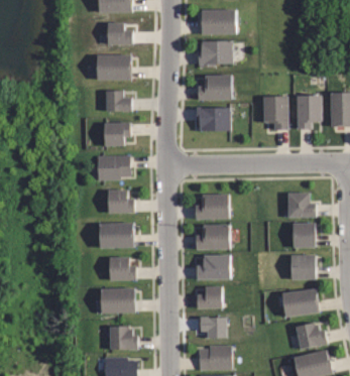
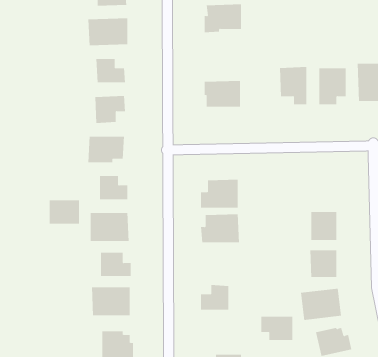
building: [196,75,231,99] -> none
building: [287,192,314,216] -> none
building: none -> [49,199,80,224]
building: [196,254,230,279] -> none
building: [196,317,224,338] -> [261,316,293,341]

